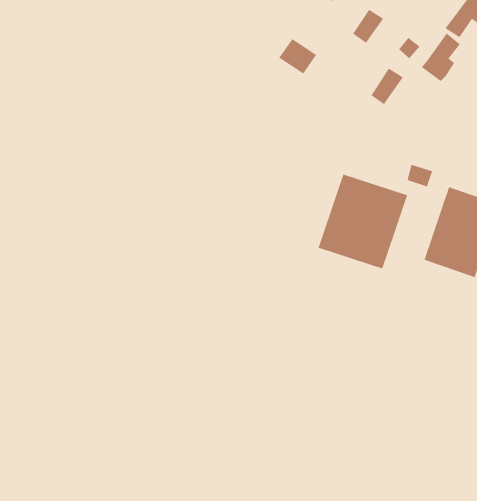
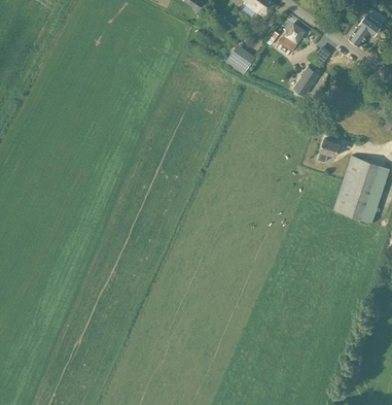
building: [421,32,461,82] -> none
building: [318,173,408,270] -> none

